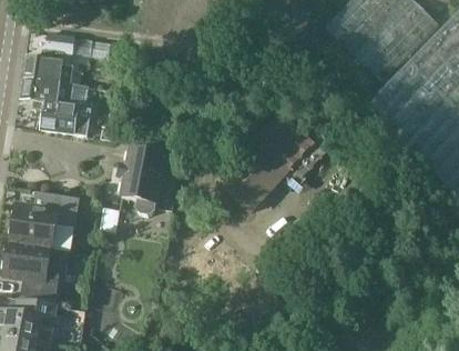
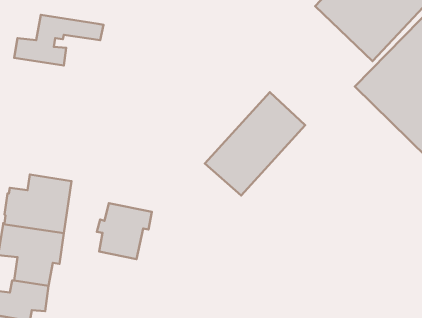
building: [19,78,90,137] -> none
building: [119,150,174,207] -> [97,203,152,259]

